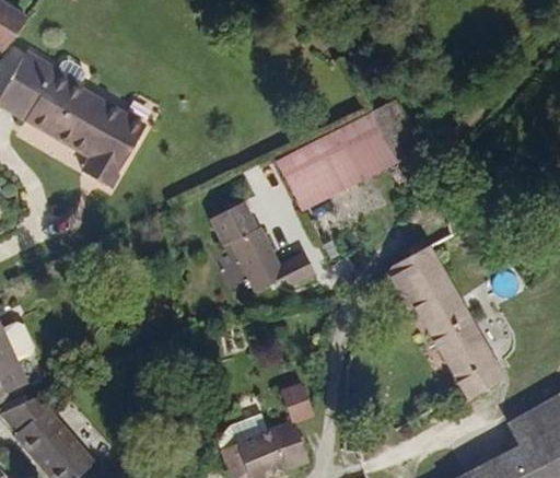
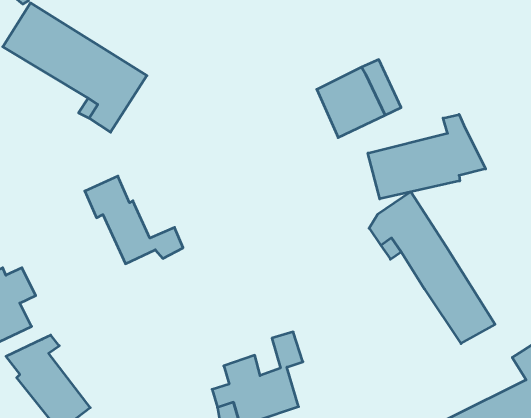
building: [276,139,347,211] -> none
building: none -> [368,114,486,199]
building: [208,202,308,292] -> [85,176,183,264]

